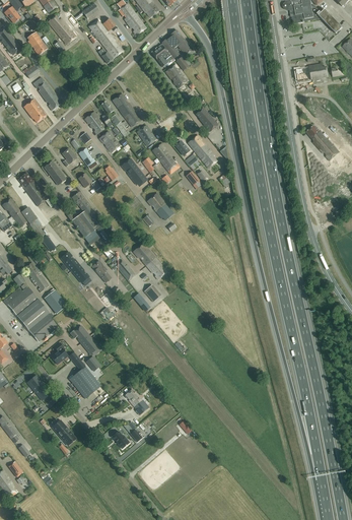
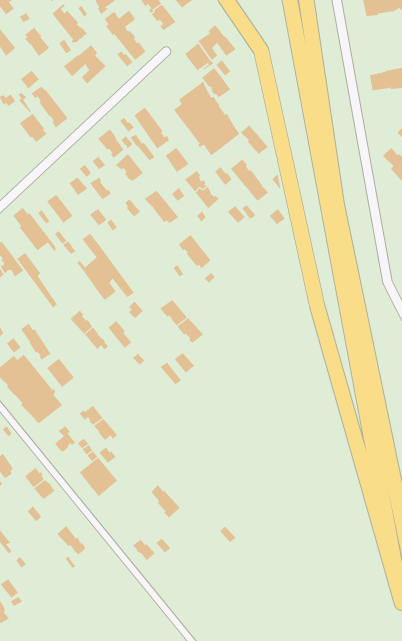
building: none -> [63,44,107,84]
building: none -> [173,81,240,156]

